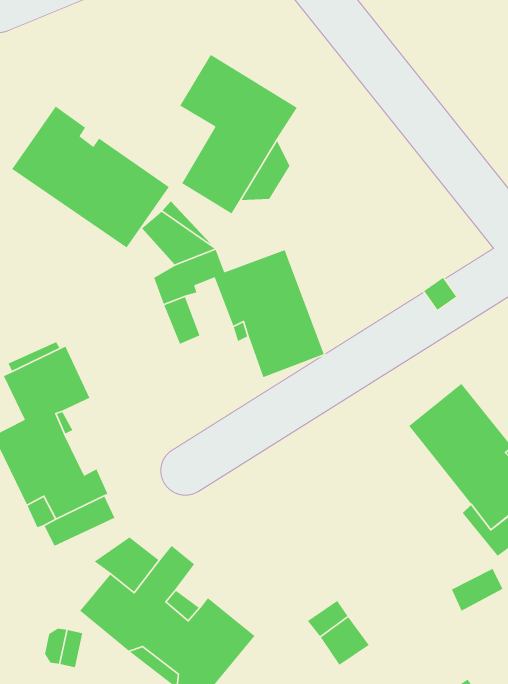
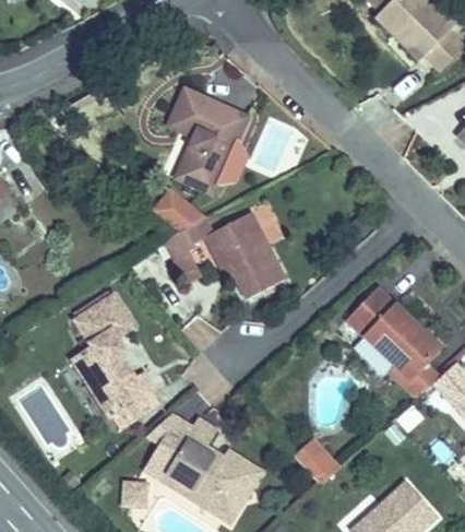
building: [11,105,170,249] -> none

